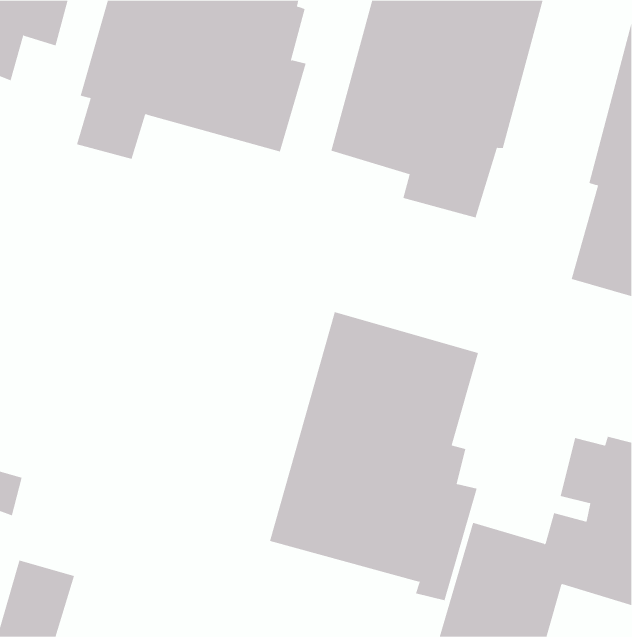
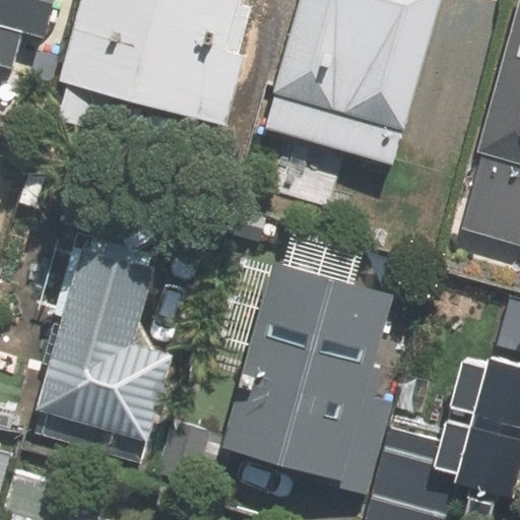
building: none -> [27,243,168,458]

